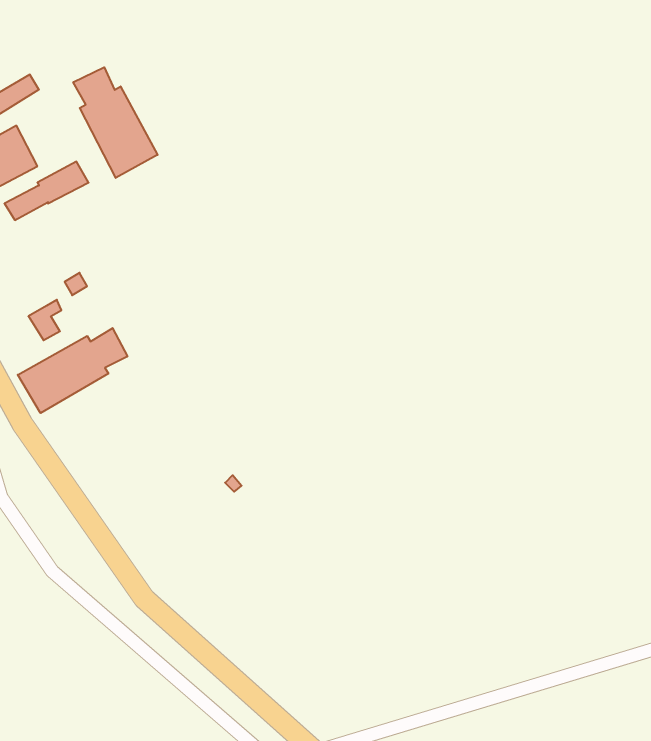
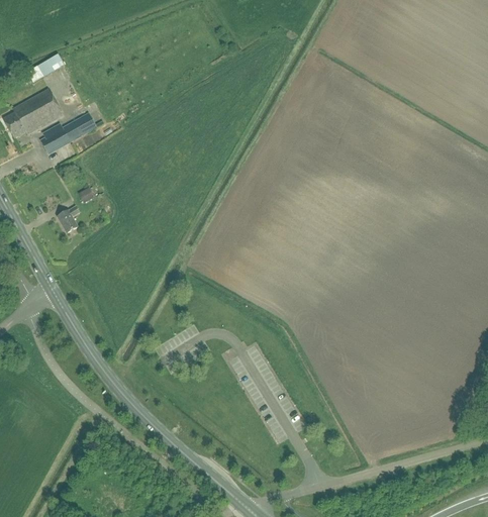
building: [73,67,158,178] -> none
building: [18,328,127,413] -> none

